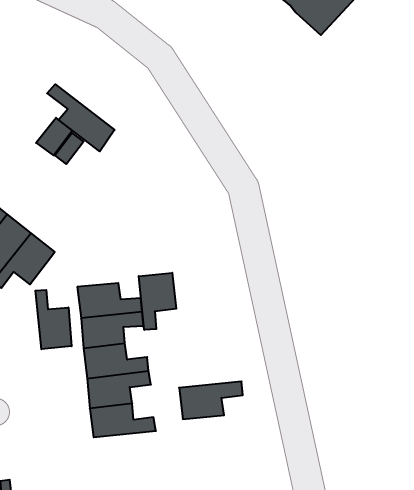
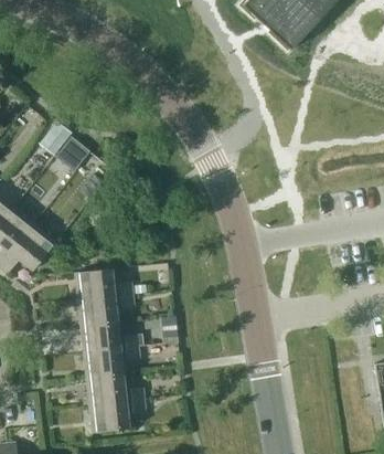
building: [47,84,115,151] -> none
building: [139,273,176,330] -> none
building: [35,290,72,349] -> none
building: [179,381,243,419] -> [90,399,147,432]

